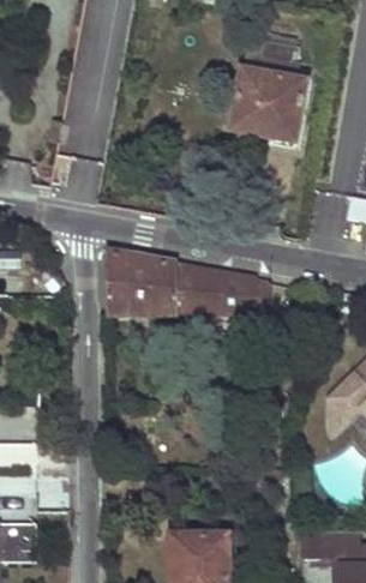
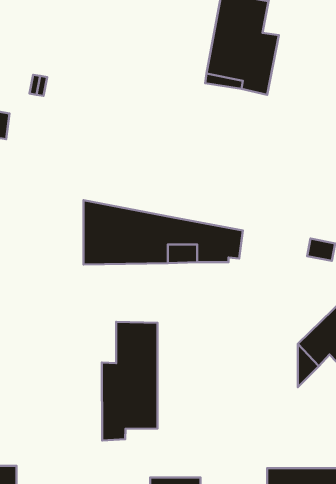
building: none -> [102,322,158,441]

